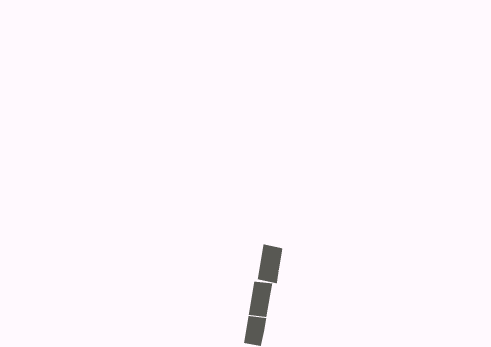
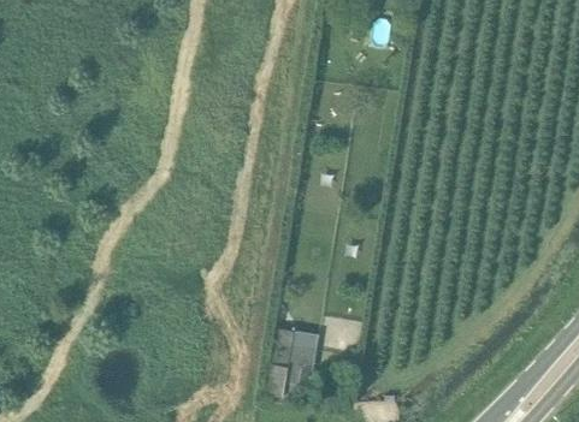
building: [257,244,283,284] -> none

